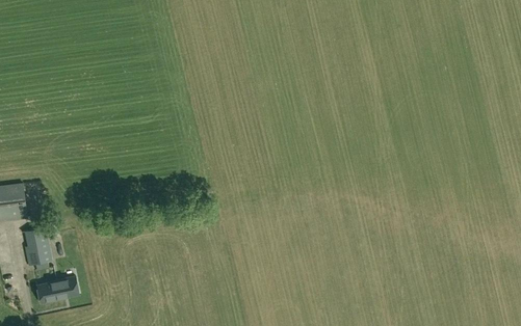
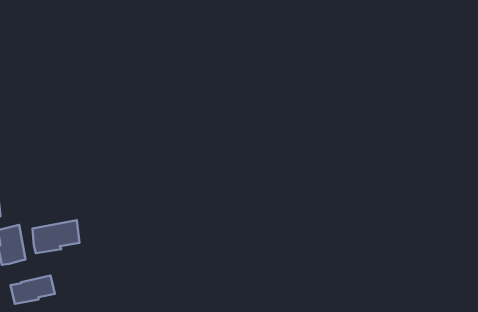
building: none -> [32,220,79,253]

